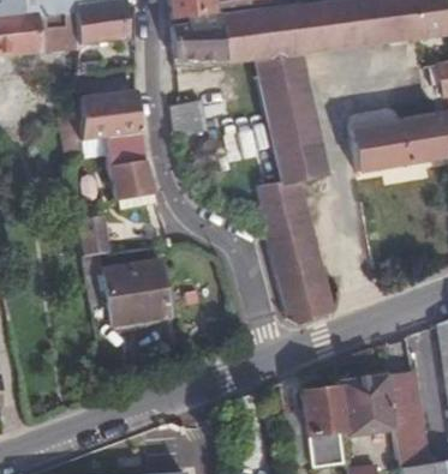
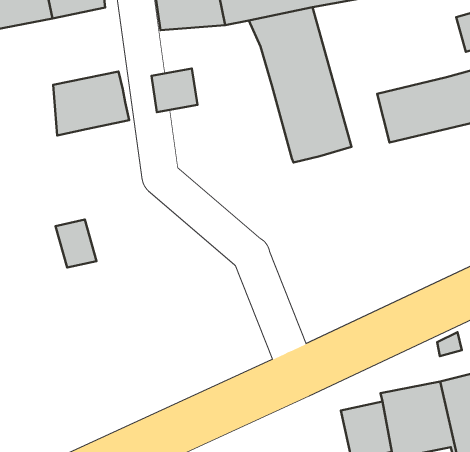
building: [104,133,162,220] -> none
building: [255,176,335,322] -> none
building: [102,259,168,322] -> none

